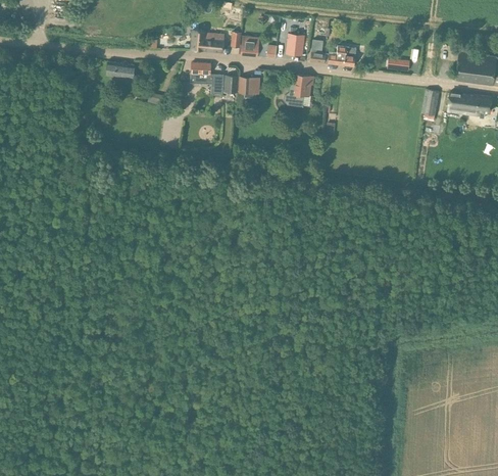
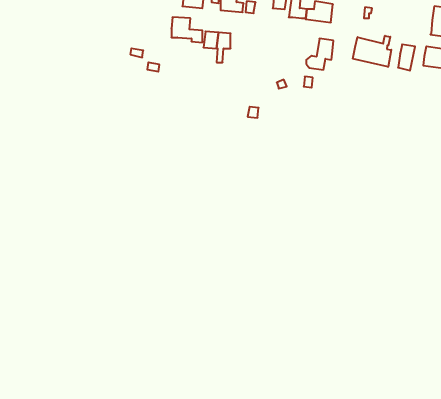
building: [106,62,135,84] -> none
building: [284,75,311,106] -> [306,39,333,70]
building: none -> [353,36,391,67]

